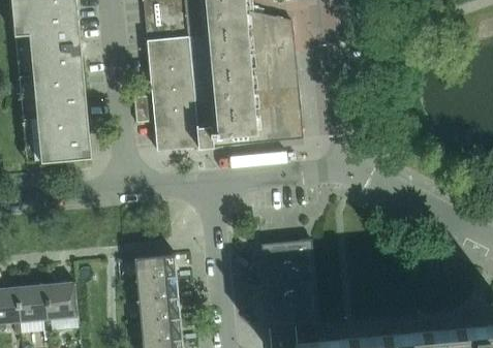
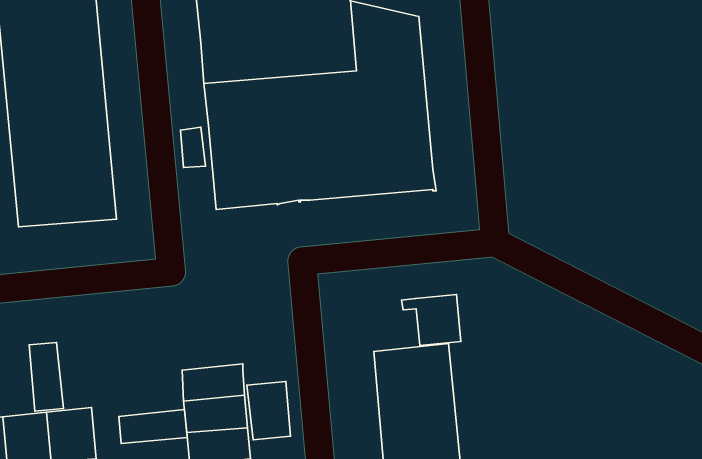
building: none -> [402,295,461,345]
building: none -> [29,343,64,411]
building: none -> [247,381,290,440]
building: none -> [119,409,187,443]

